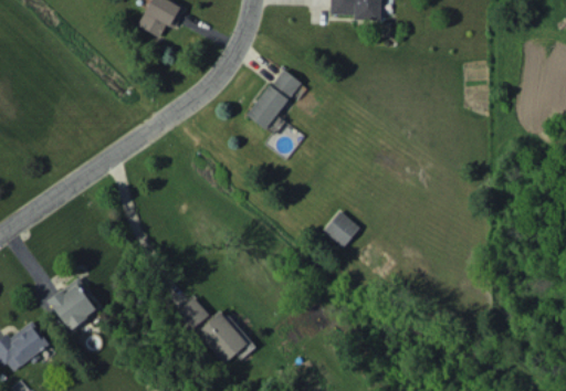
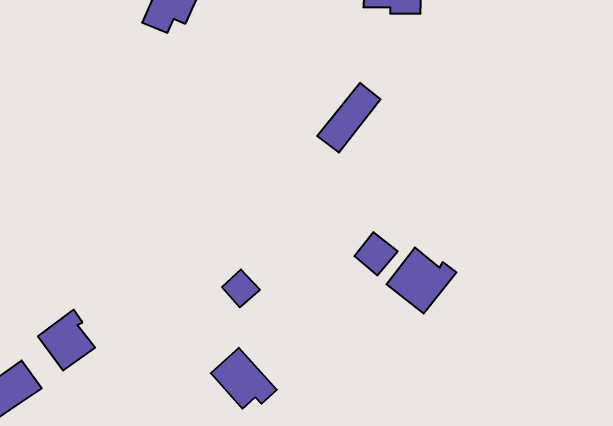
building: [245,68,301,129] -> [317,83,381,153]
building: none -> [386,247,457,314]
building: [176,296,209,329] -> [222,269,260,307]

